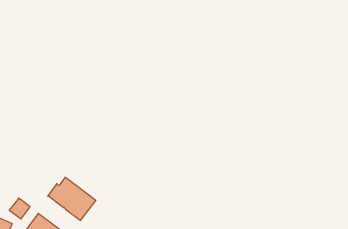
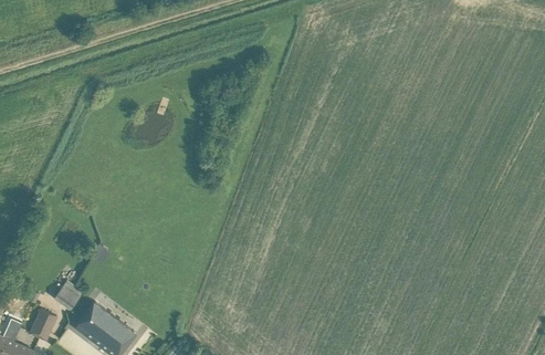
building: [48,177,96,220] -> none

